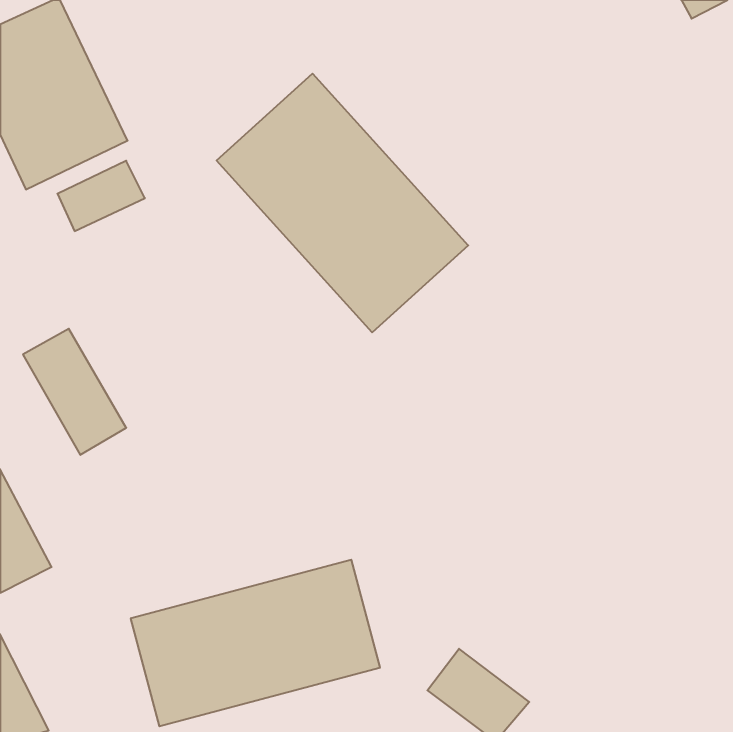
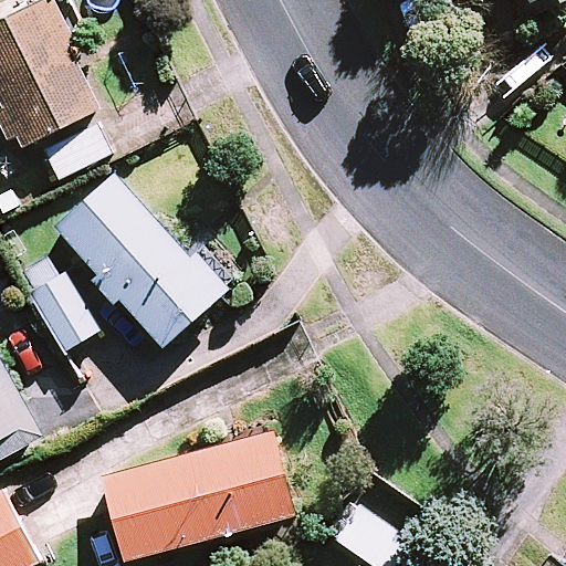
building: [217,74,468,332] -> none
building: none -> [55,176,226,346]

